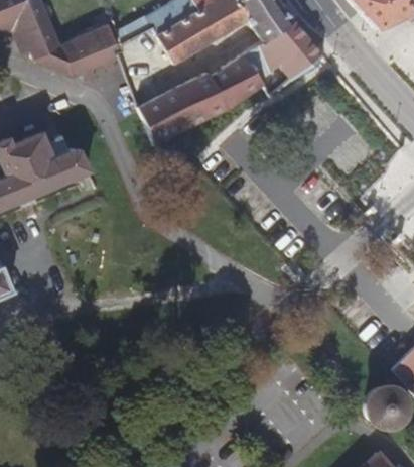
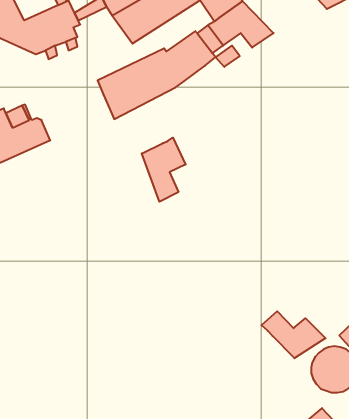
building: none -> [142,138,186,202]
building: none -> [261,311,326,358]

